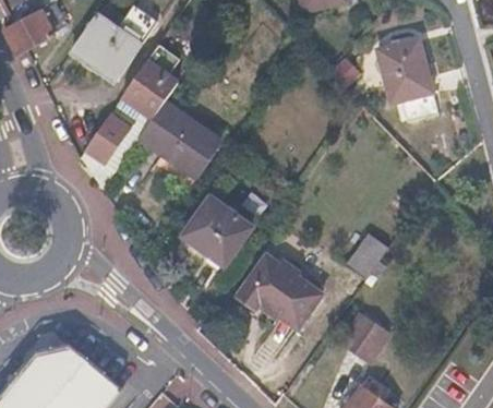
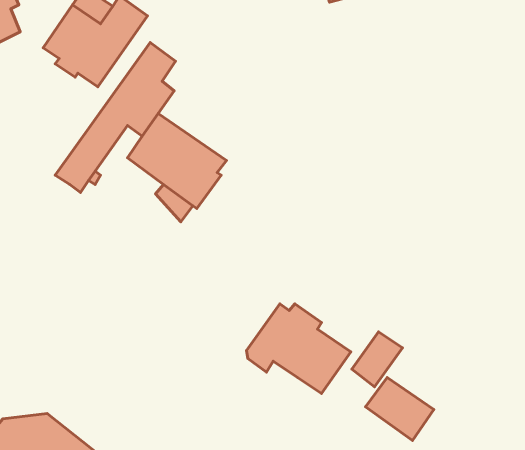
building: [378,38,432,103] -> none
building: [172,201,251,266] -> none
building: [345,233,386,278] -> [352,332,403,387]

